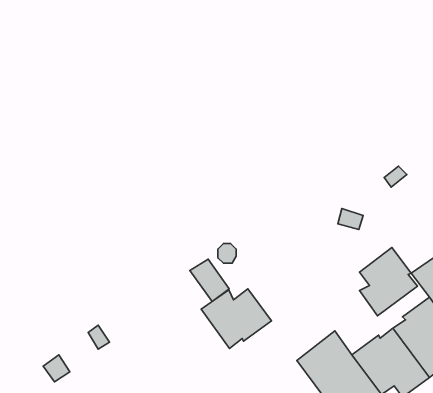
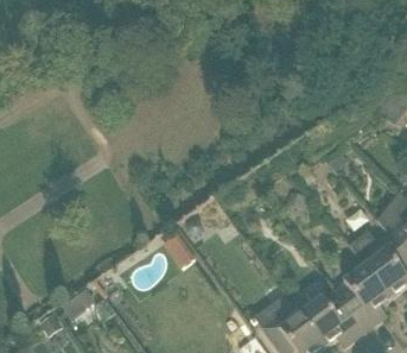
building: [359,247,417,316] -> none
building: [201,289,272,348] -> none

